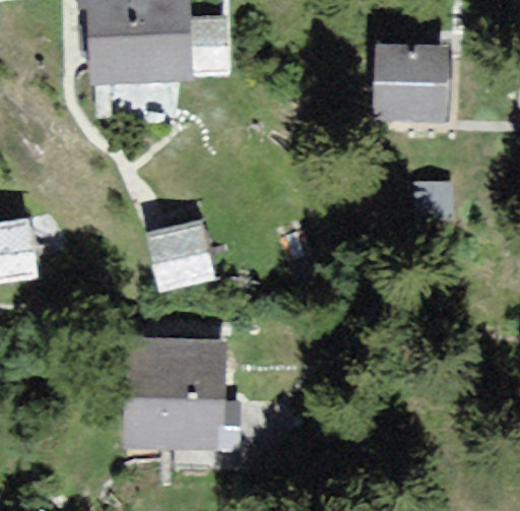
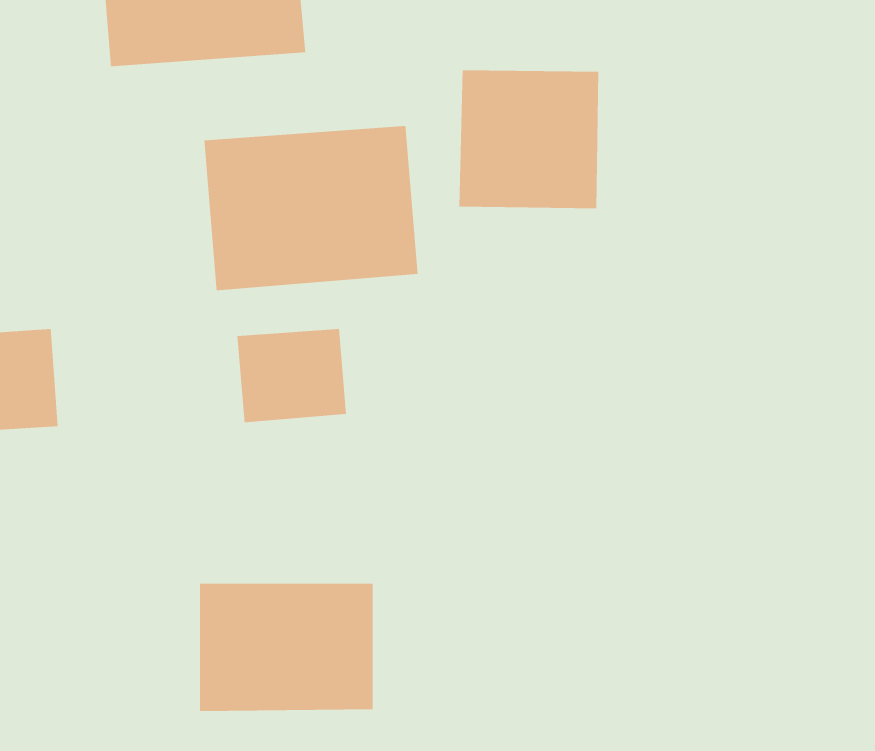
building: [385,43,465,122] -> [458,70,599,209]
building: none -> [204,125,418,291]

